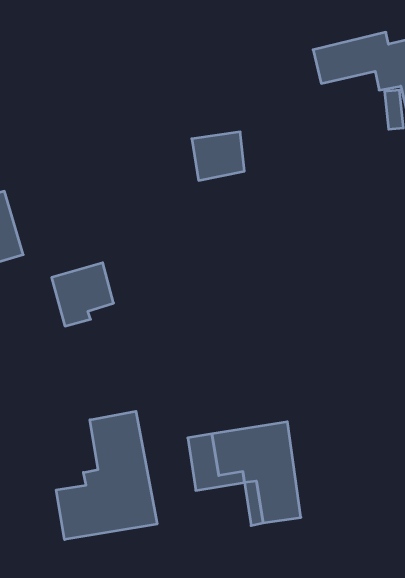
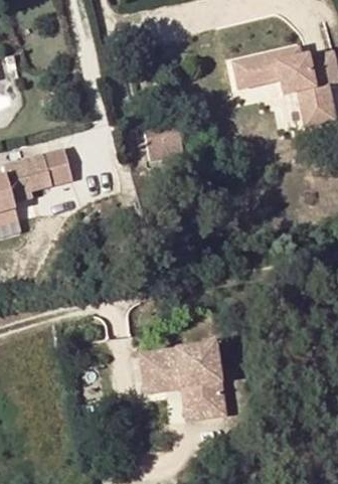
building: [52,263,114,326] -> [8,154,54,201]
building: [56,411,157,540] -> none

